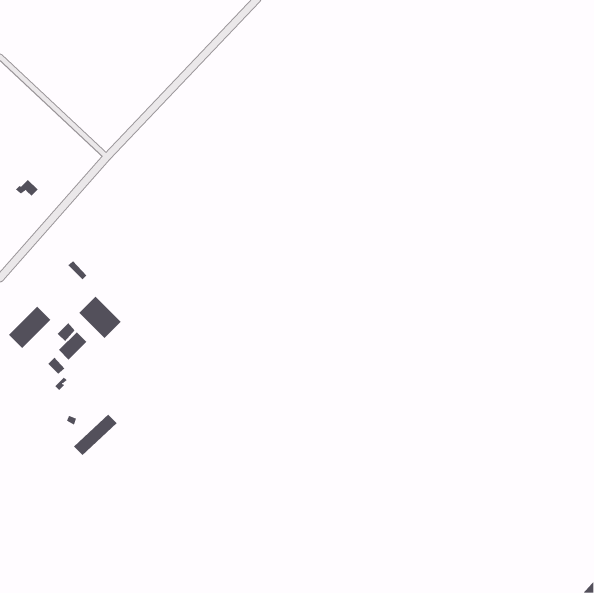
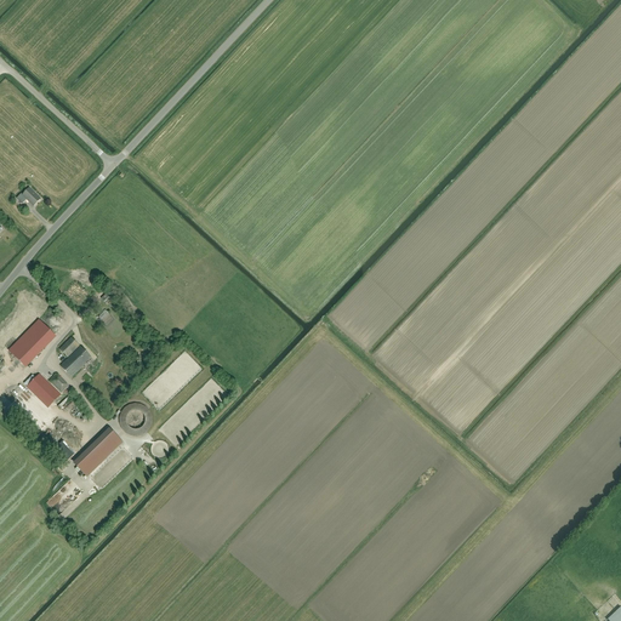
building: [78,296,121,339] -> none
building: none -> [27,374,61,408]

